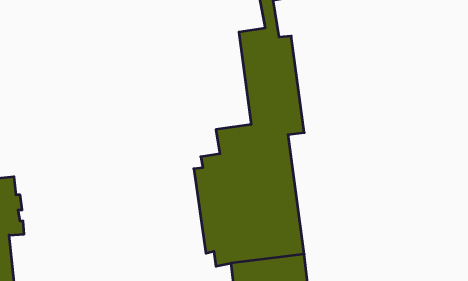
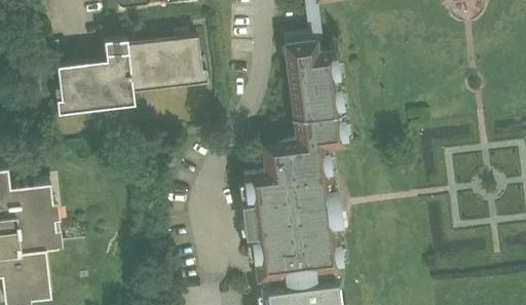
building: none -> [53,34,208,117]

